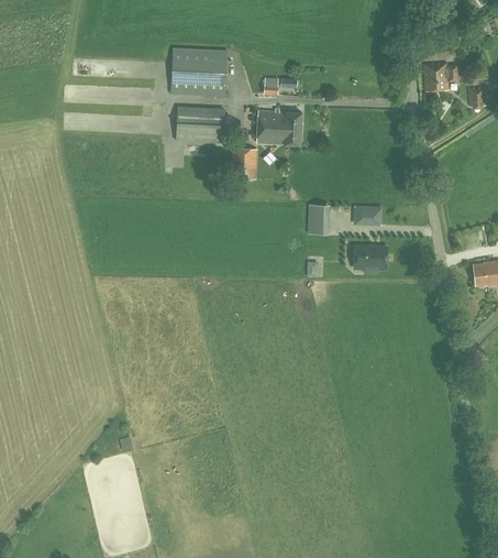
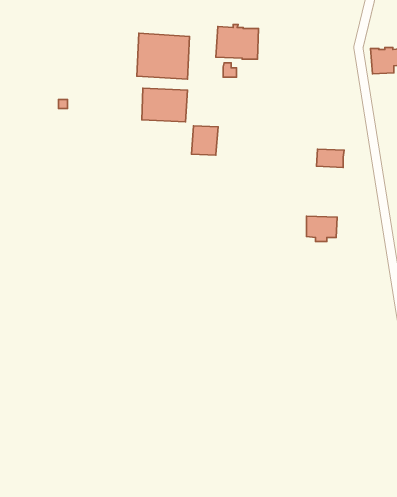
building: [255,107,301,144] -> [216,25,259,59]
building: [307,203,329,233] -> none
building: [352,205,381,225] -> [317,149,344,167]

